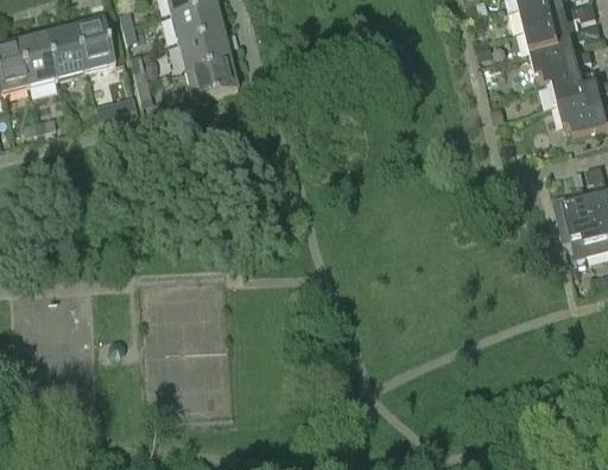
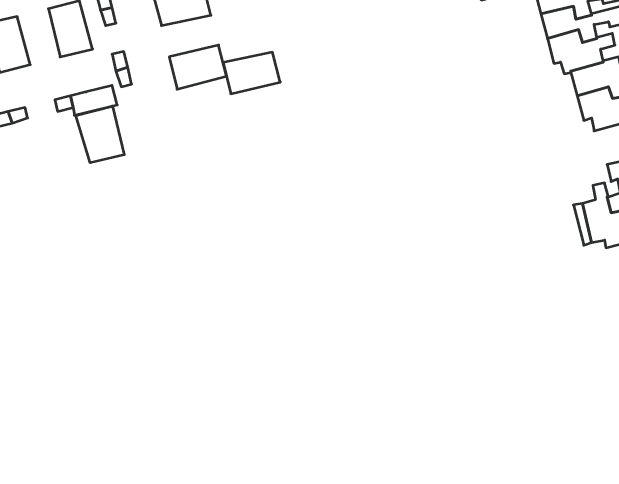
building: [45,26,84,77] -> none
building: [177,32,229,70] -> [223,52,280,94]
building: none -> [76,106,124,163]

